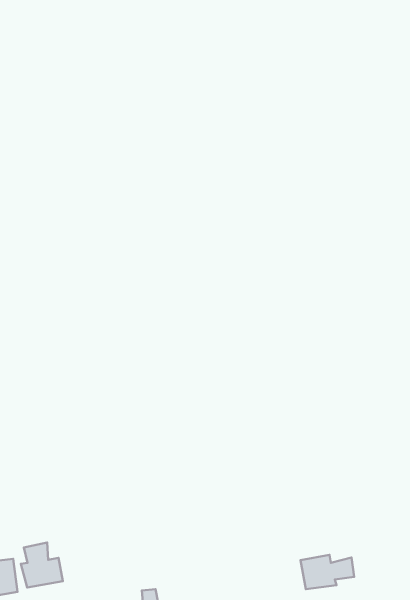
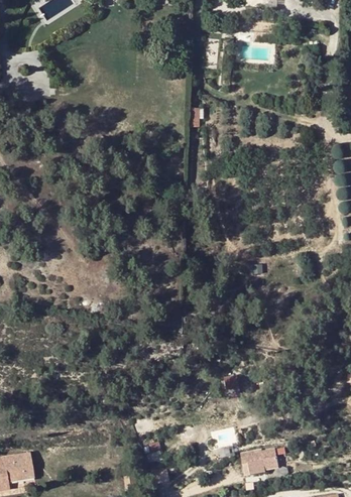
building: [21,542,63,588] -> none

